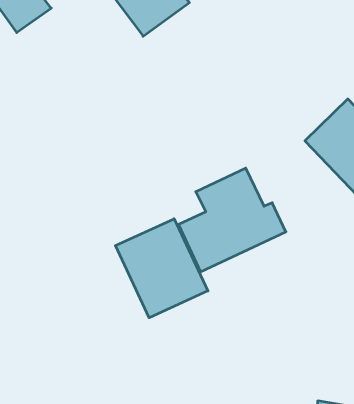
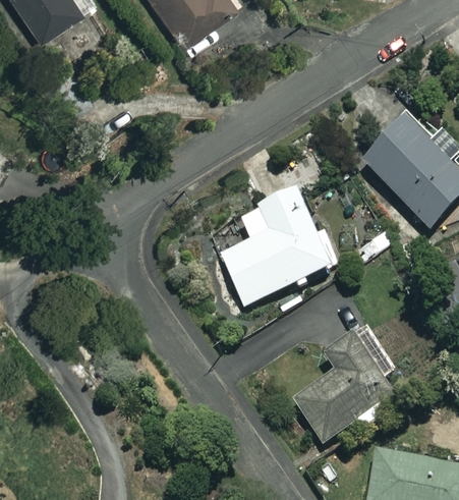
building: [115,219,208,318] -> none
building: none -> [294,305,391,440]

